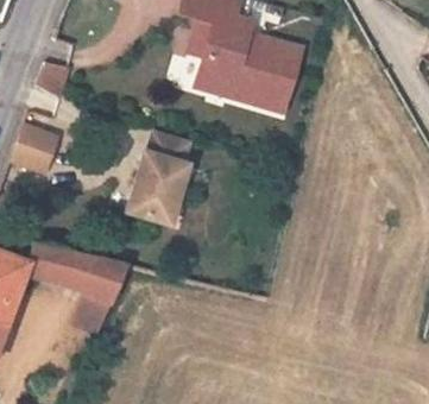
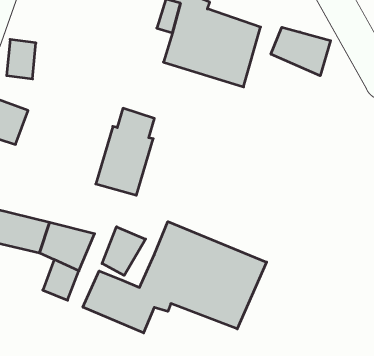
building: none -> [271,27,331,76]
building: none -> [83,222,267,333]
building: none -> [102,227,146,275]

